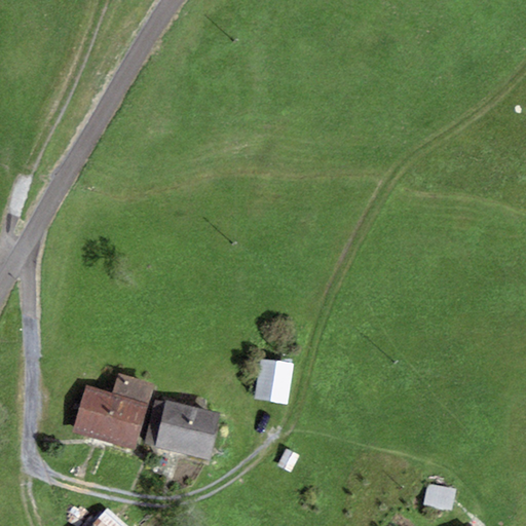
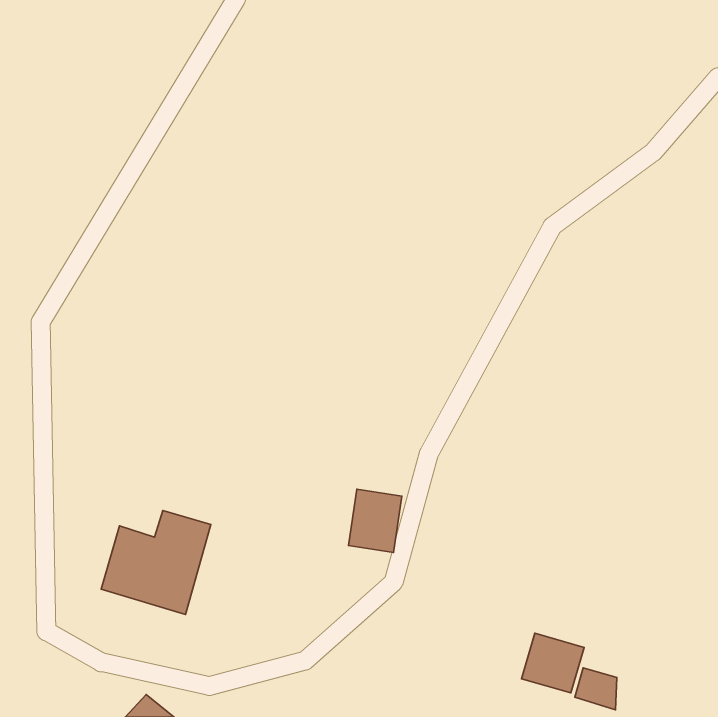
building: [145,397,221,458] -> none
building: none -> [522,633,584,693]

